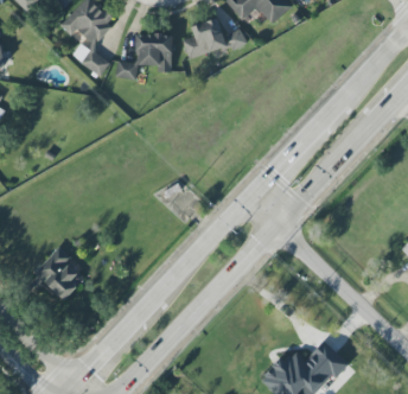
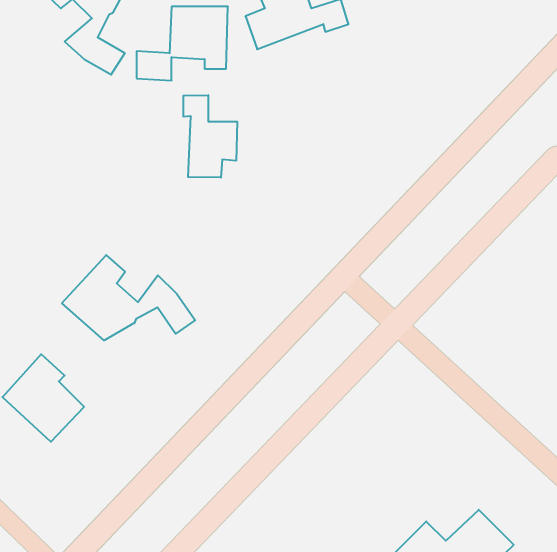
building: none -> [183,95,237,178]
building: none -> [62,255,195,340]

